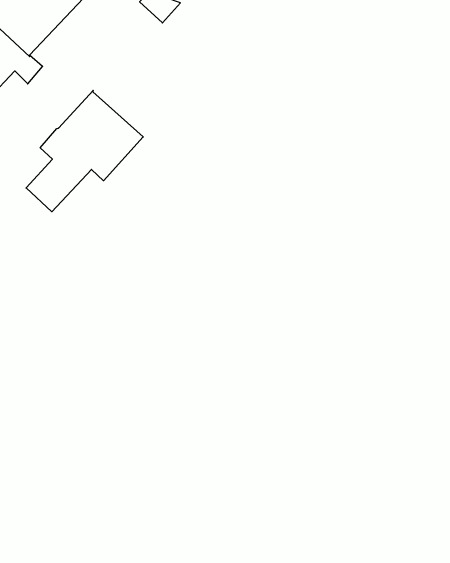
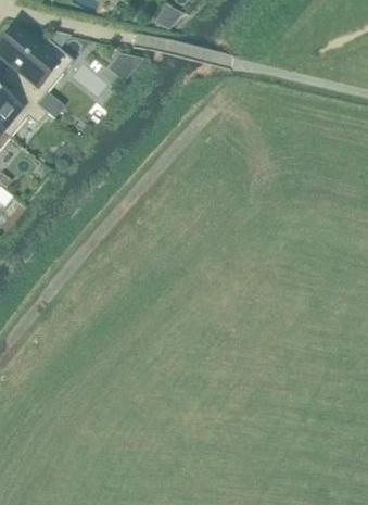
building: [26,90,143,212] -> none

